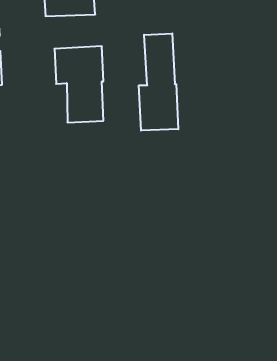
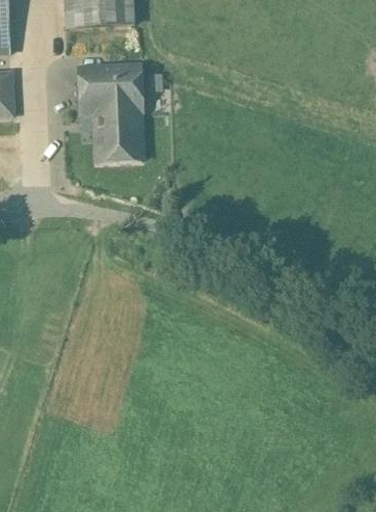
building: [139,33,178,131] -> none

